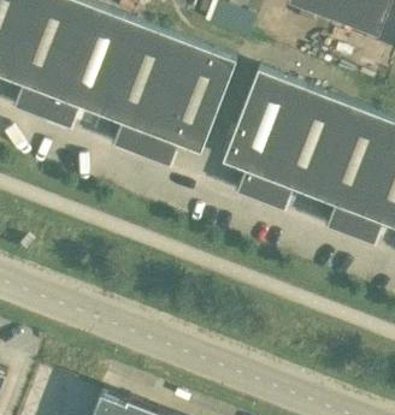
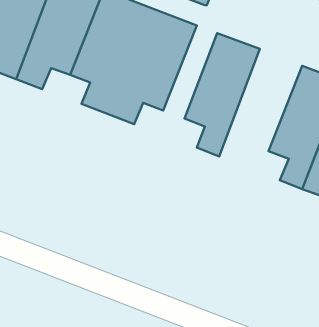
building: [260,85,349,209] -> none

